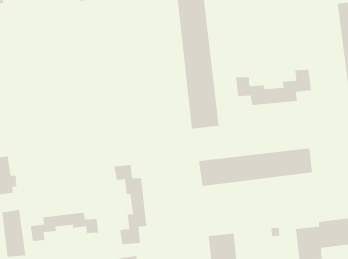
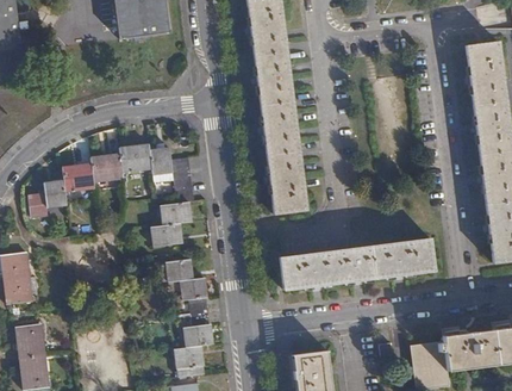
building: [236,69,311,106] -> none
building: none -> [30,144,193,247]
building: [30,212,99,242] -> none

